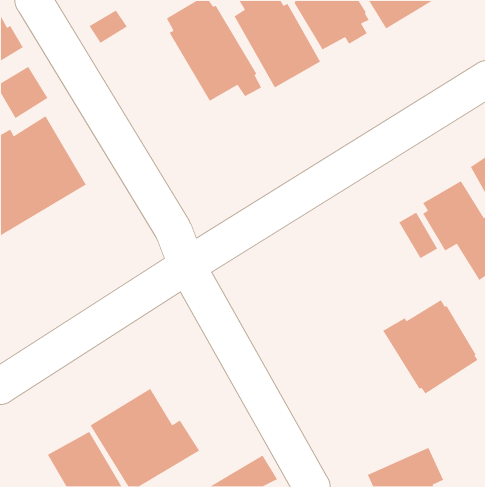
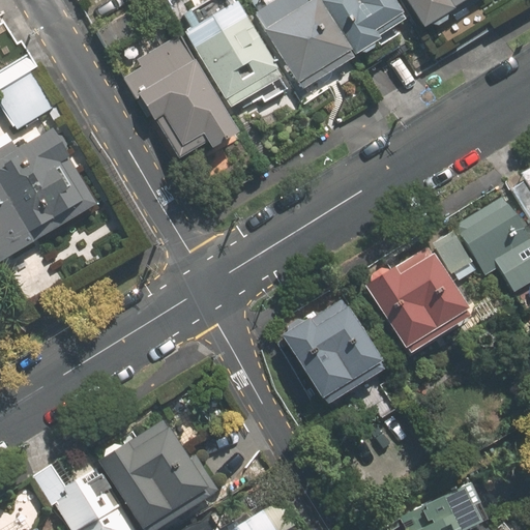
building: none -> [125,39,235,160]
building: none -> [282,296,382,400]
building: [382,299,478,394] -> [362,244,467,348]

